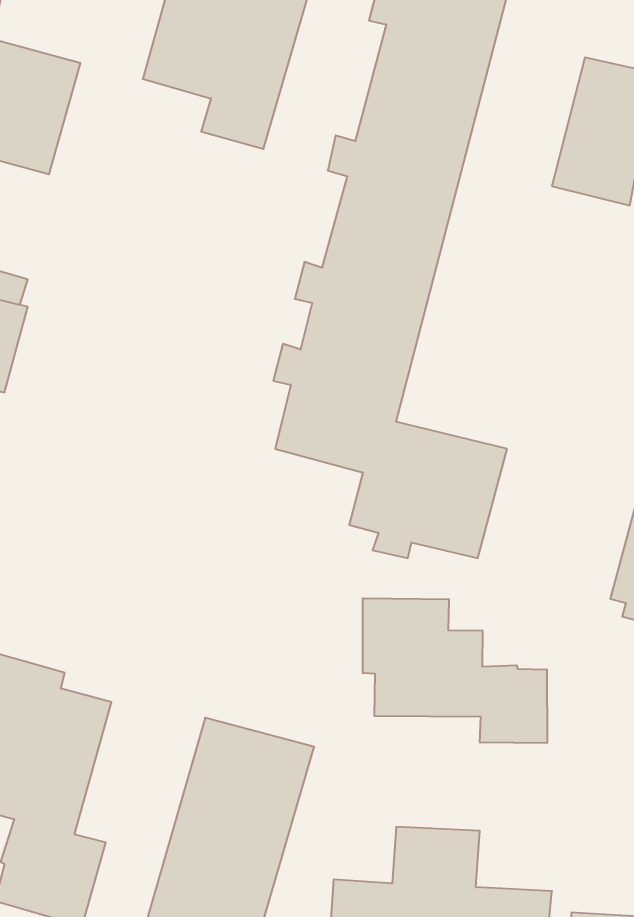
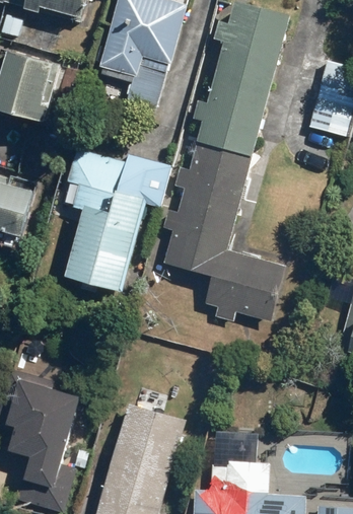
building: none -> [60,149,172,293]
building: [363,598,547,743] -> none

